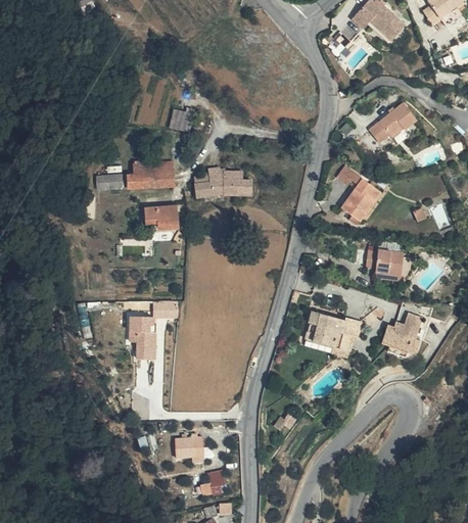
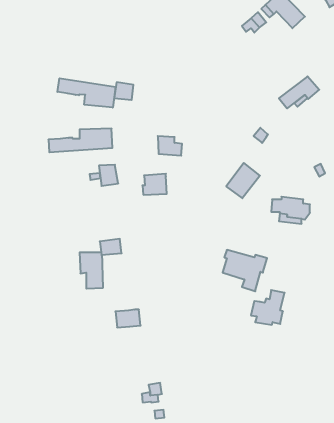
building: none -> [57,78,116,108]
building: [195,170,225,195] -> [142,174,167,195]
building: [343,176,384,219] -> [226,163,260,198]
building: [378,311,419,352] -> [251,290,285,325]
building: [179,438,209,460] -> [115,310,141,327]

